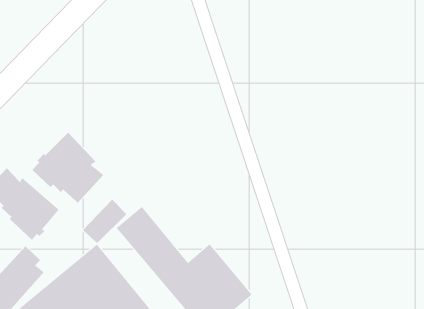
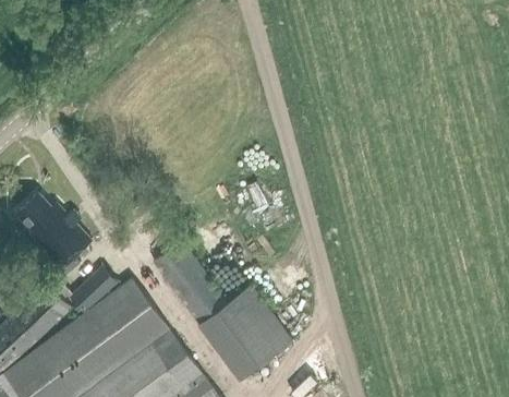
building: [32,132,104,204] -> none
building: [82,199,127,244] -> [70,266,119,313]

